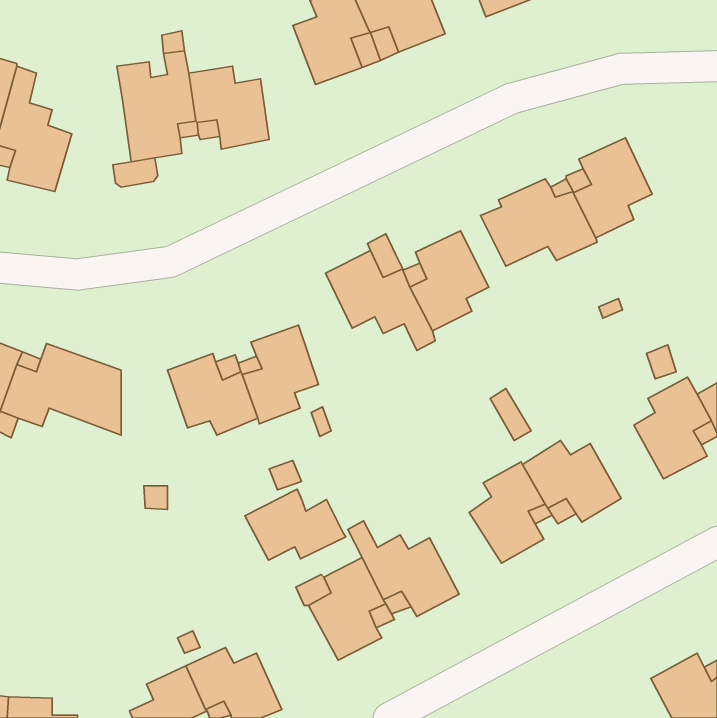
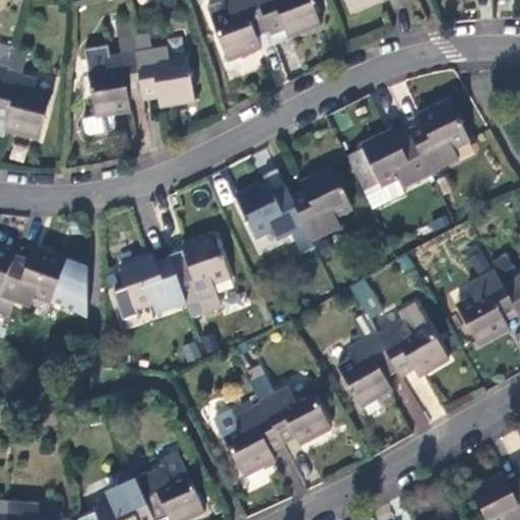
building: [245,489,346,560] -> none

